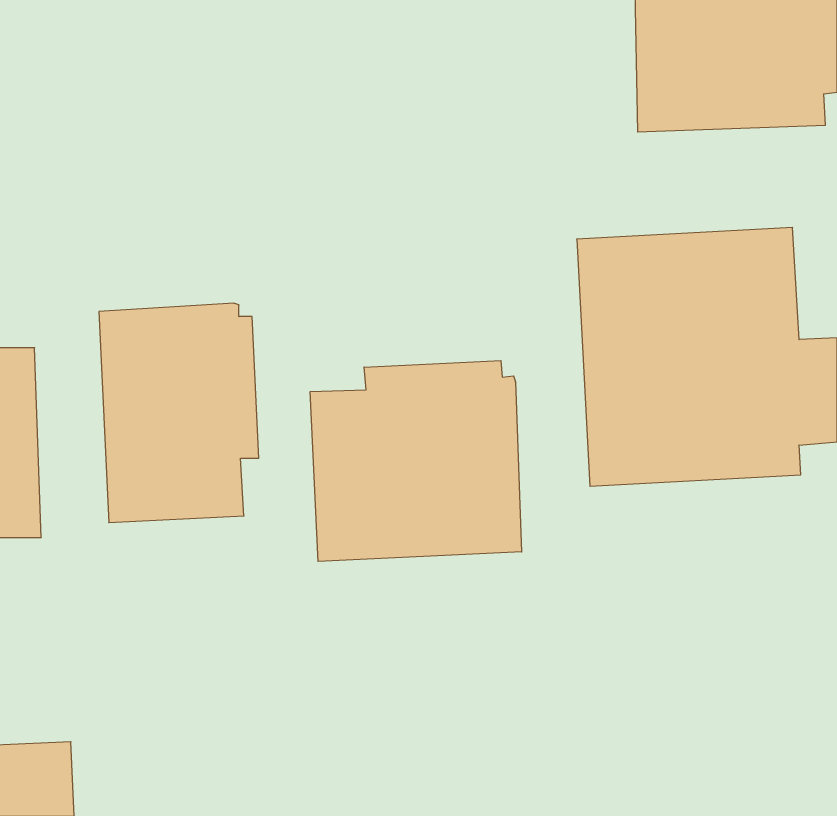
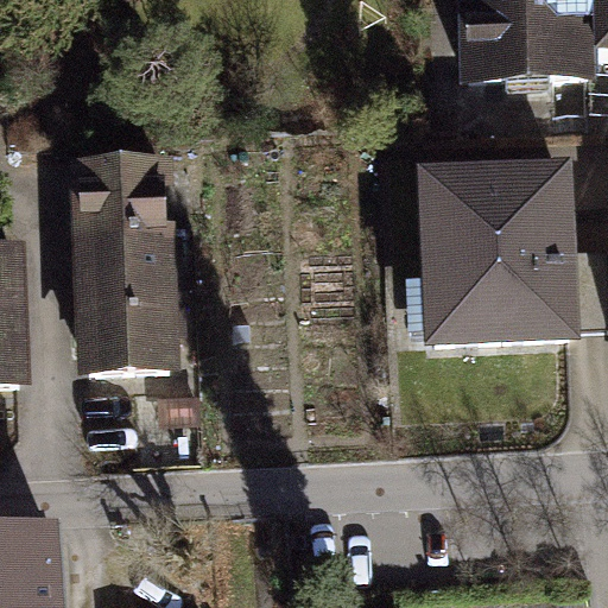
building: none -> [68,157,169,224]
building: [310,361,522,561] -> none

